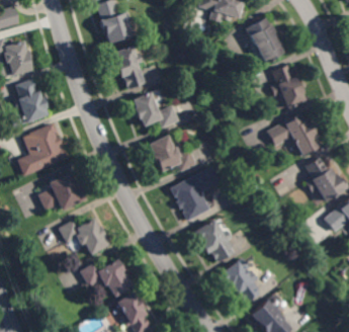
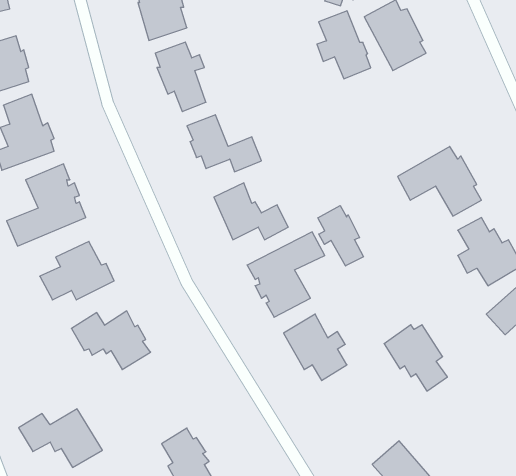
building: [270,65,304,108] -> [317,11,371,79]
building: none -> [318,206,363,266]
building: [80,259,134,297] -> [19,409,102,467]
building: [221,261,261,304] -> [384,325,447,391]

